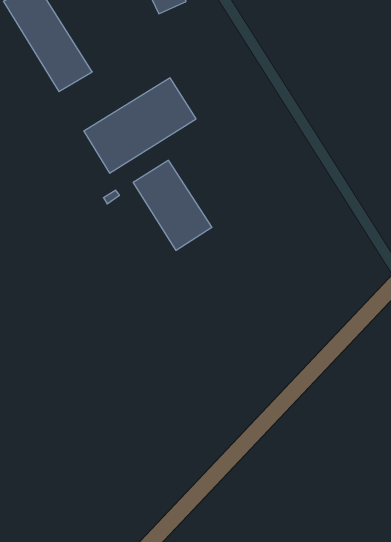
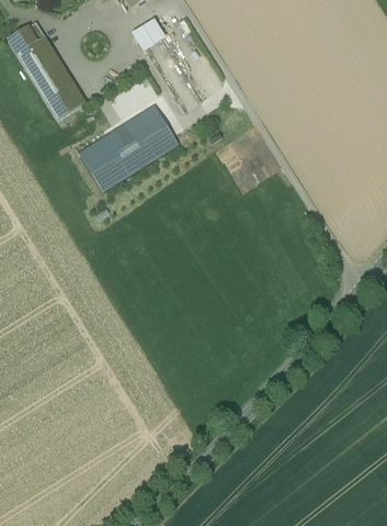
building: [133,160,212,250] -> none

